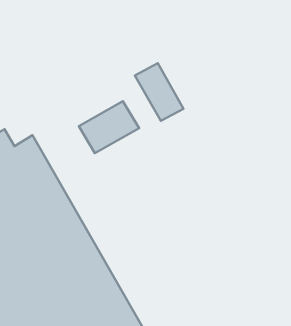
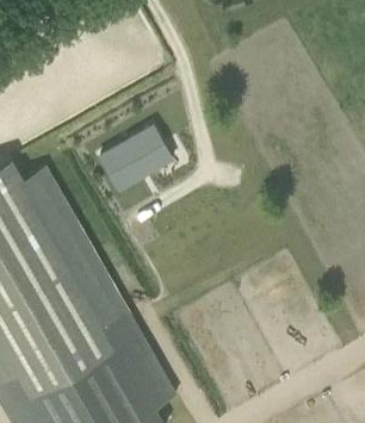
building: [135,63,184,121] -> none

